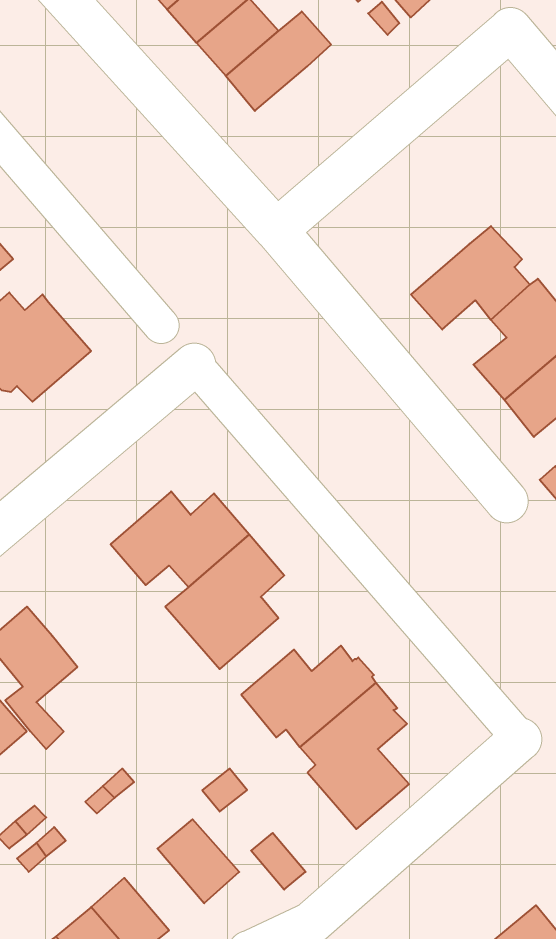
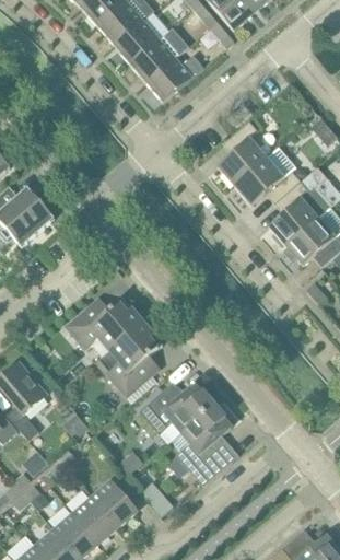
building: none -> [146,55,203,103]
building: none -> [218,120,267,186]
building: none -> [73,497,118,542]

